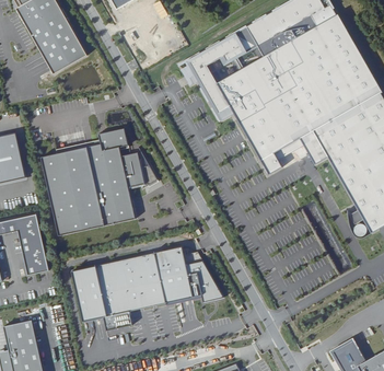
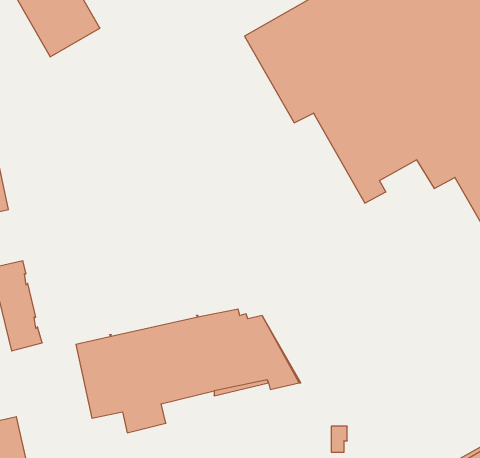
building: [42,128,161,236] -> none

